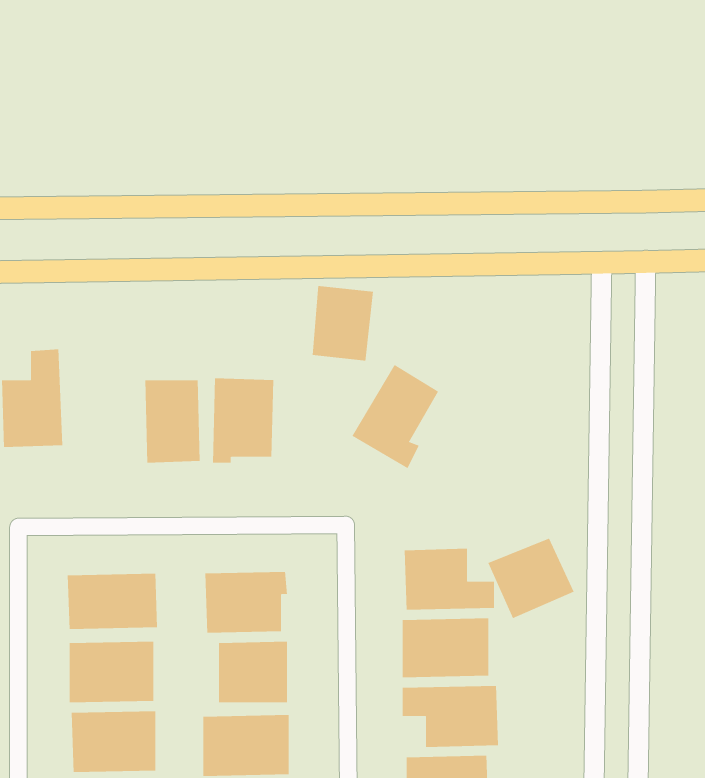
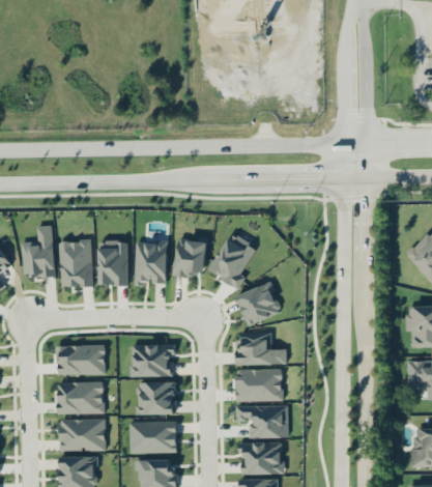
building: [312,286,374,361] -> [174,236,207,277]
building: none -> [60,240,92,287]
building: [487,538,575,619] -> [235,283,282,326]

